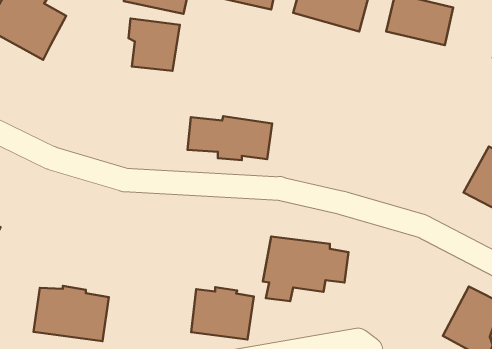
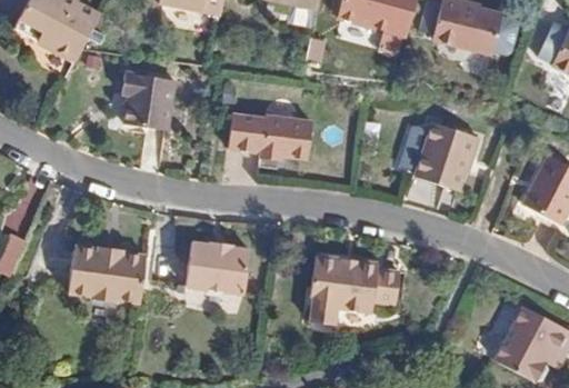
building: [129,18,180,71] -> [118,78,172,133]
building: none -> [412,120,479,190]
building: [34,286,109,341] -> [67,245,147,304]
building: [191,287,254,339] -> [184,237,251,292]

